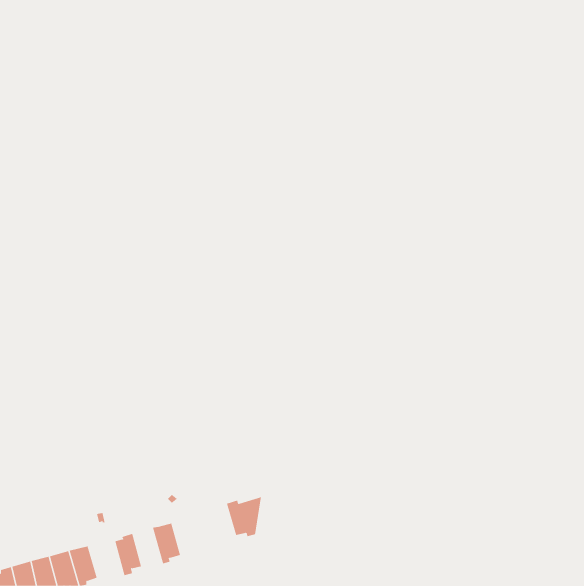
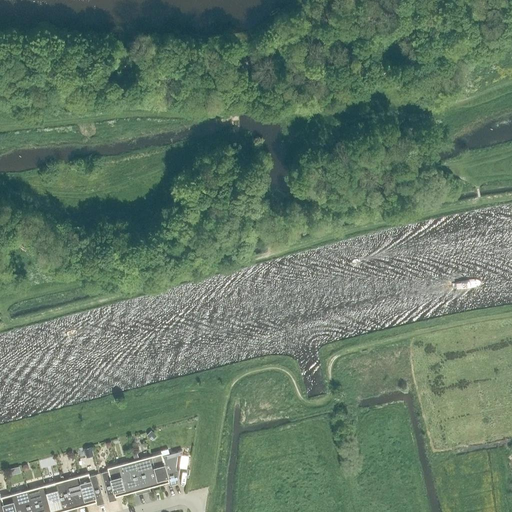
building: [226,497,262,537] -> [150,450,181,485]
building: none -> [116,460,142,494]
building: none -> [77,473,103,505]

